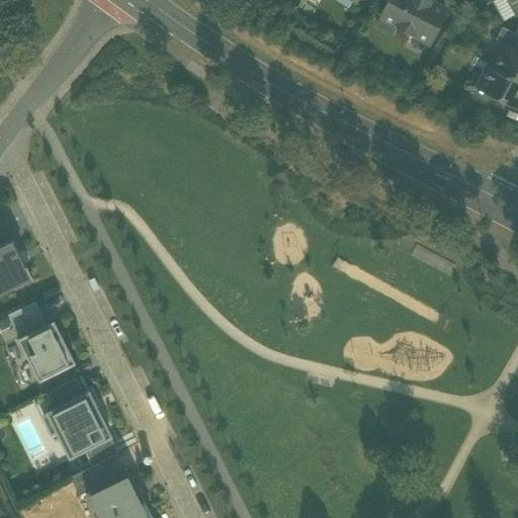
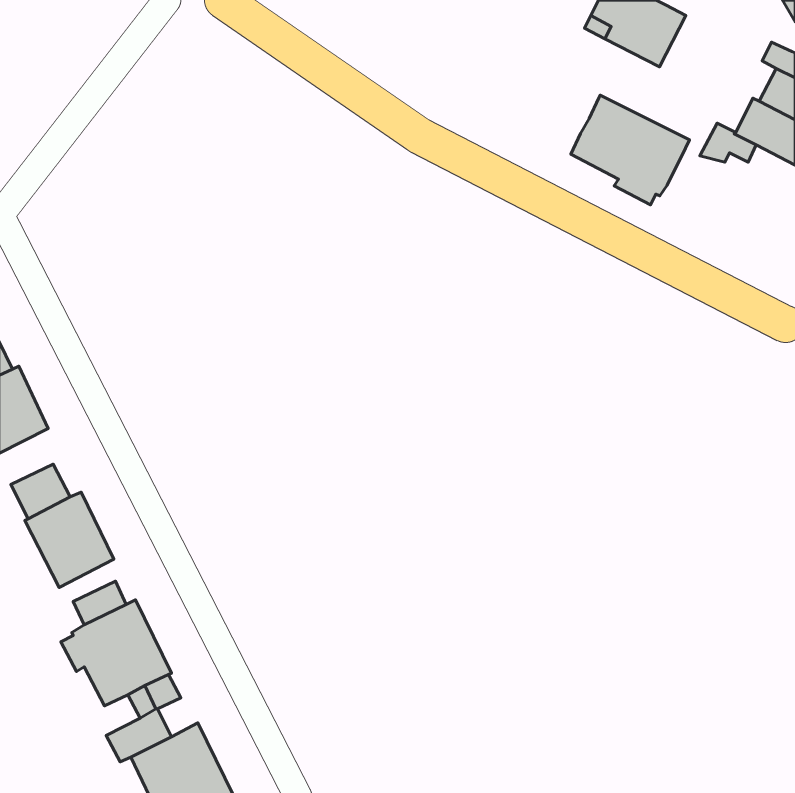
building: none -> [571,95,690,205]

